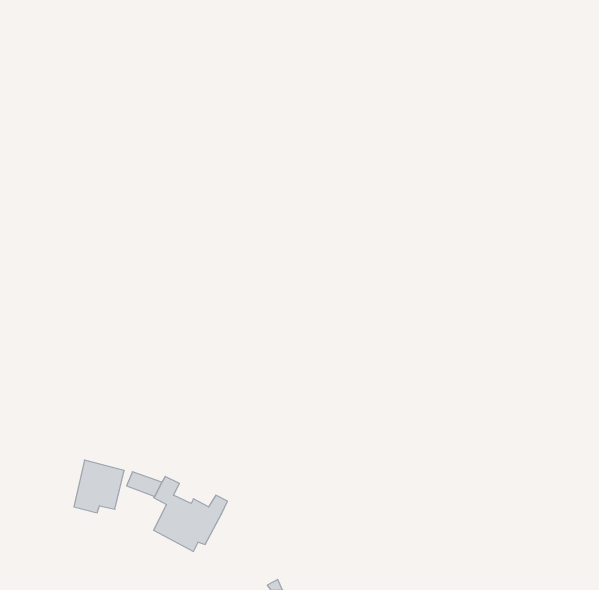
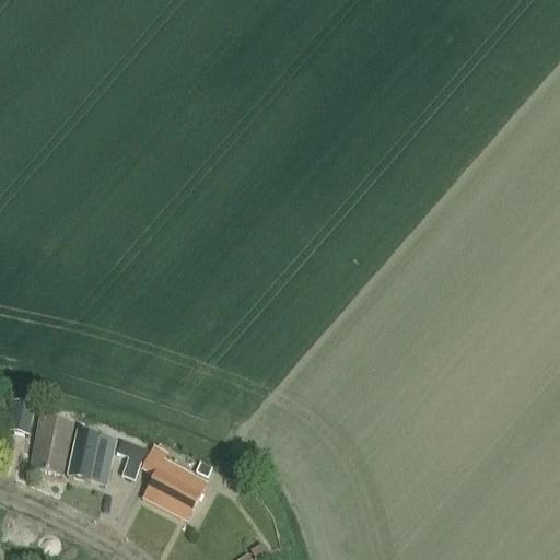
building: none -> [8,398,34,431]
building: none -> [31,416,73,471]

